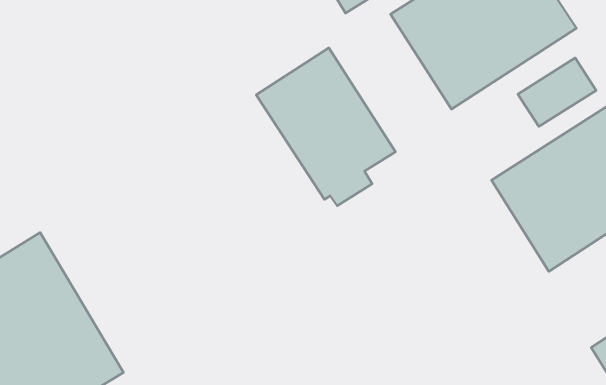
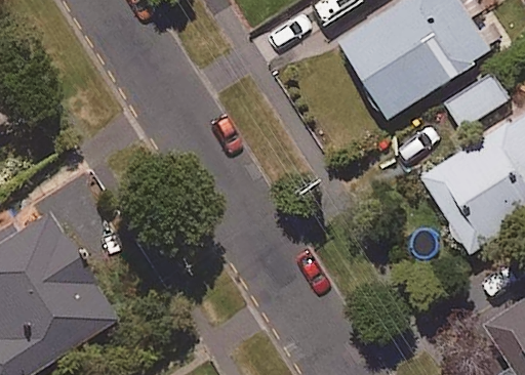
building: [256,48,395,206] -> none

